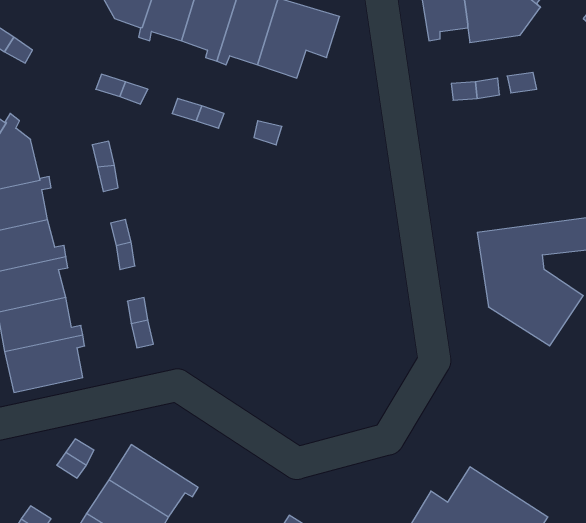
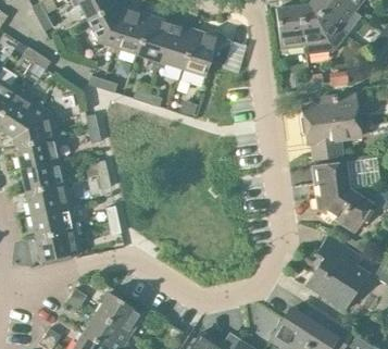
building: none -> [302,95,358,161]
building: none -> [304,237,366,311]

